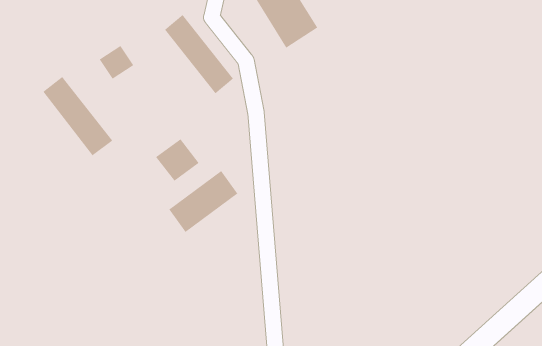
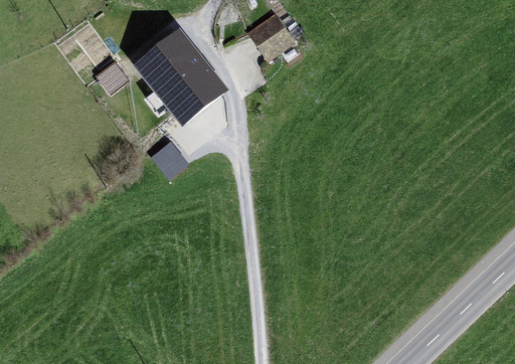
building: [42,76,113,156] -> [140,46,204,119]
building: [169,170,238,233] -> none

